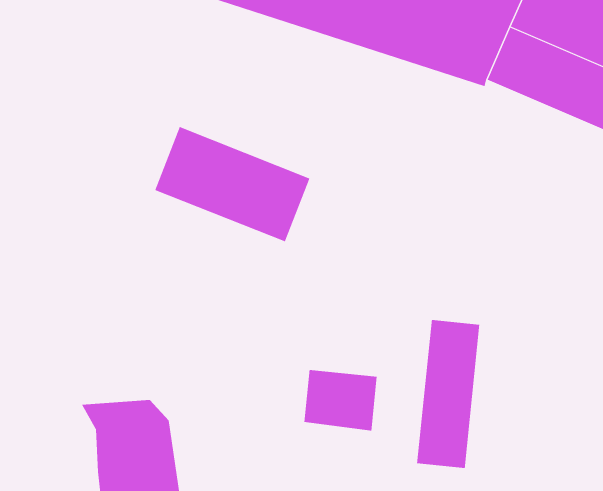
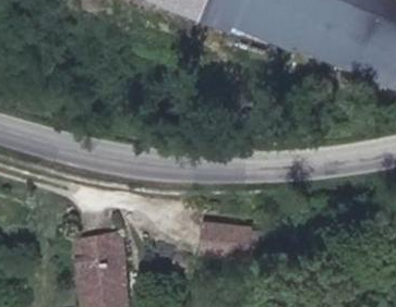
building: [154,126,310,242] -> none
building: [417,319,480,469] -> none

